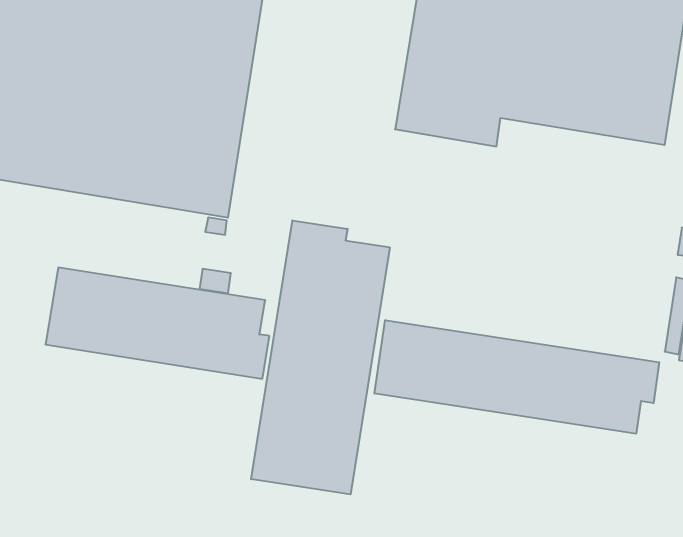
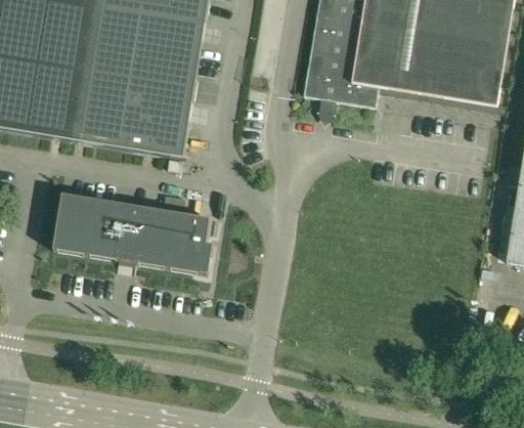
building: [251,220,390,494] -> none
building: [375,320,659,434] -> none

